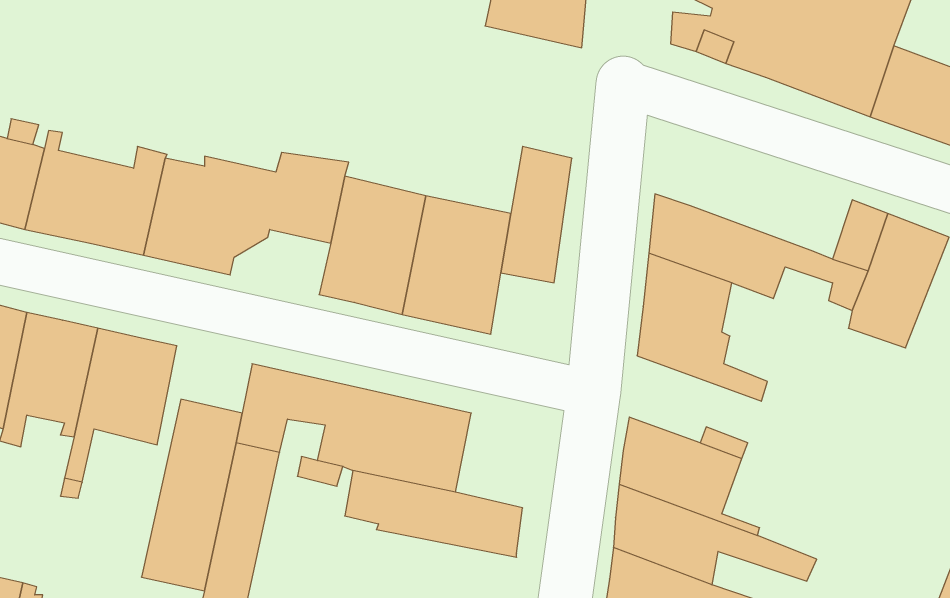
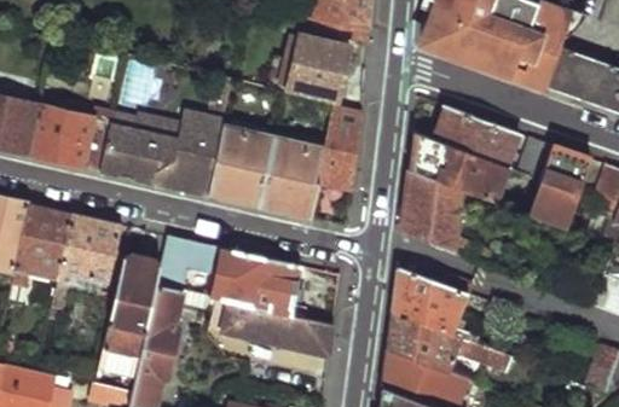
building: none -> [287,35,351,101]
building: none -> [435,105,523,169]
building: none -> [154,156,215,196]

